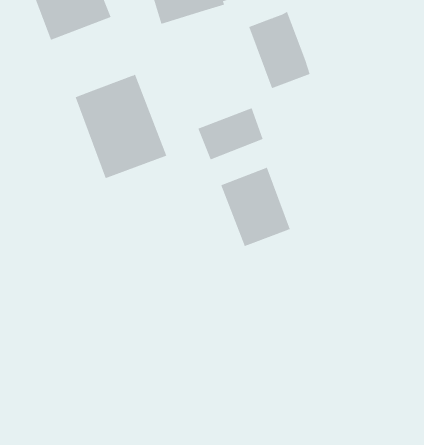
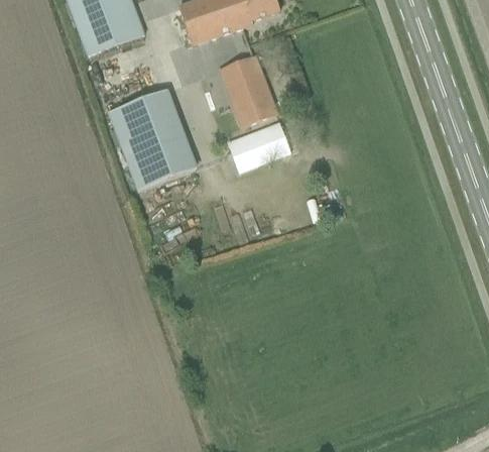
building: [247,11,310,89] -> [218,53,278,128]
building: [220,167,290,247] -> none

